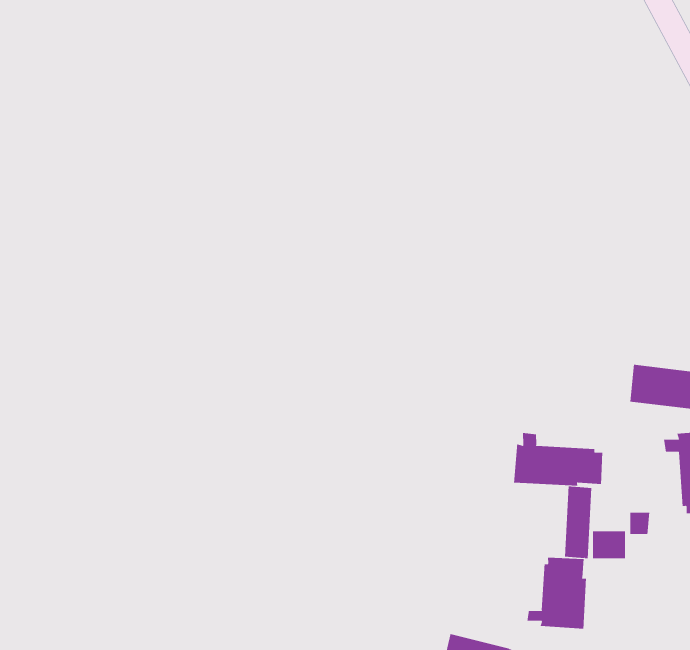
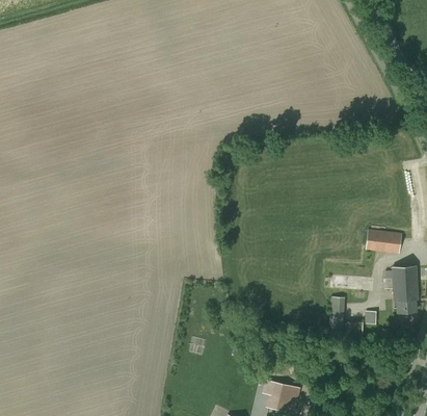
building: [514,432,603,486] -> none
building: [527,557,586,630] -> none

